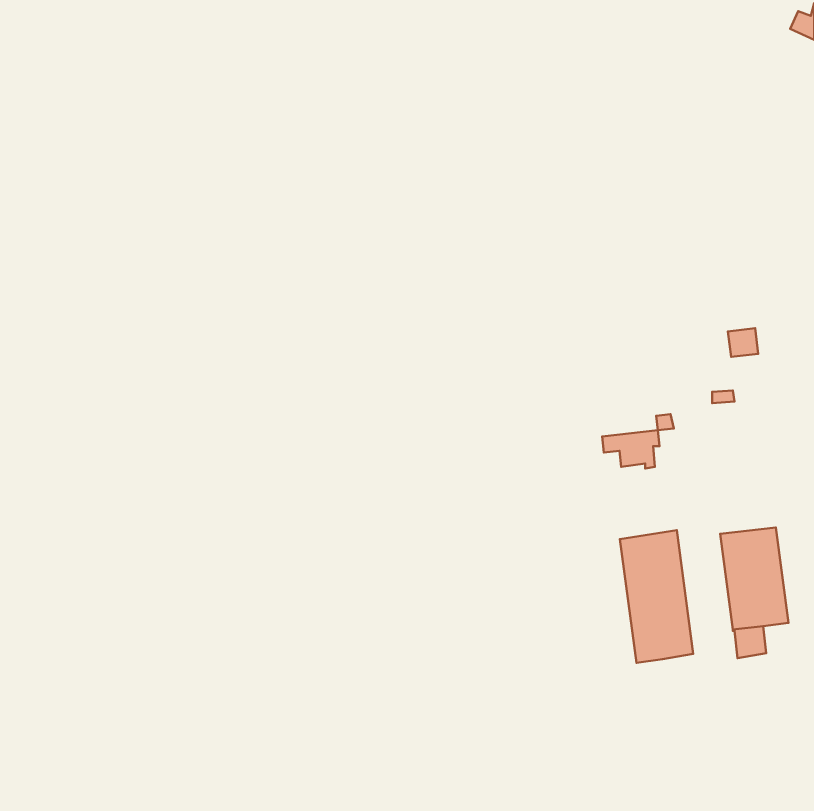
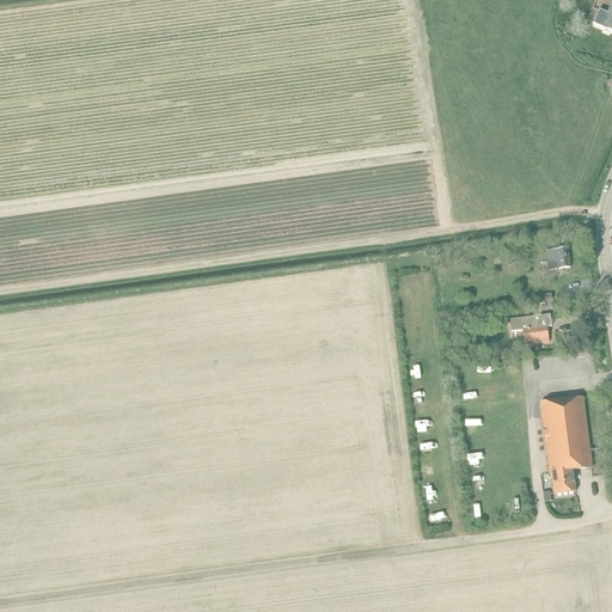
building: [602,430,659,468] -> [509,312,552,341]
building: [620,530,693,663] -> none

